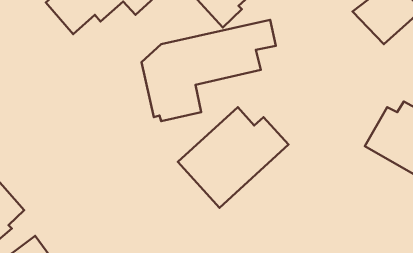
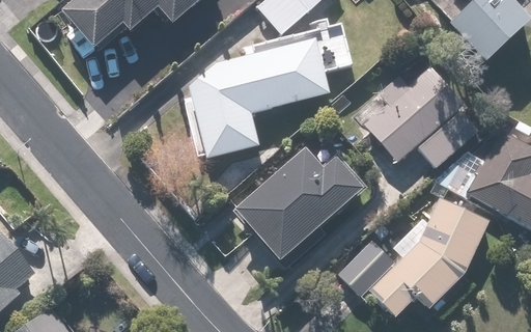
building: none -> [351,51,476,166]
building: none -> [335,198,488,315]

